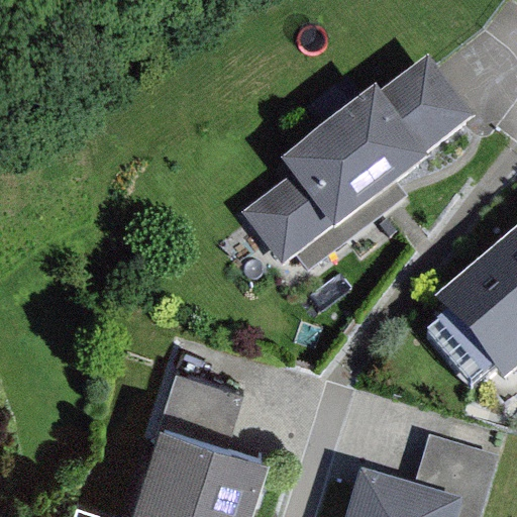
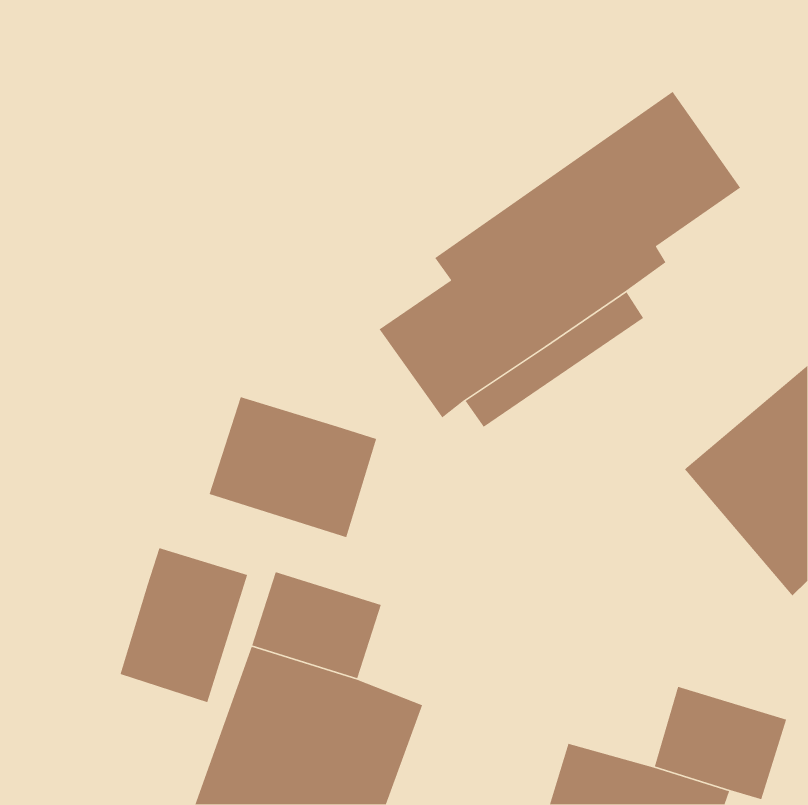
building: none -> [208,396,377,538]
building: none -> [119,547,248,703]

